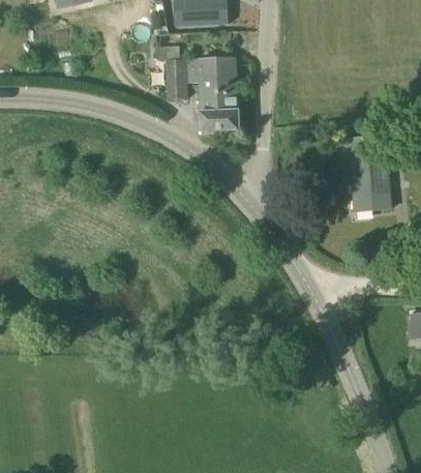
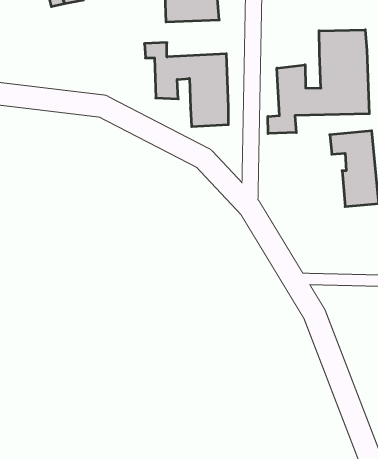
building: none -> [268,30,369,134]

